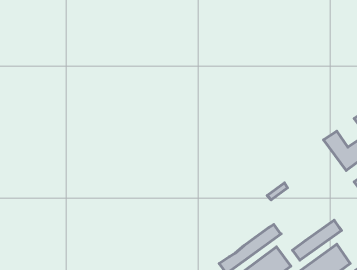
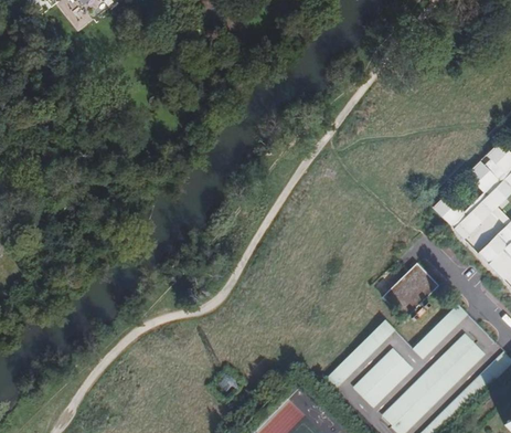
building: none -> [383,263,440,319]

